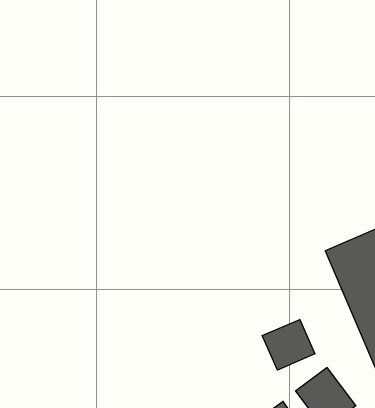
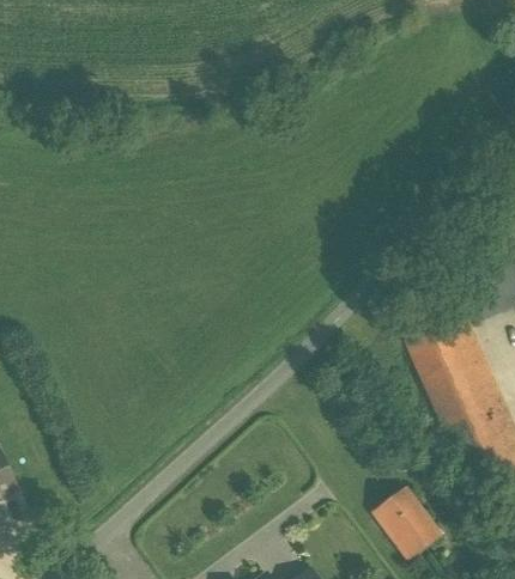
building: [262,319,315,370] -> none

